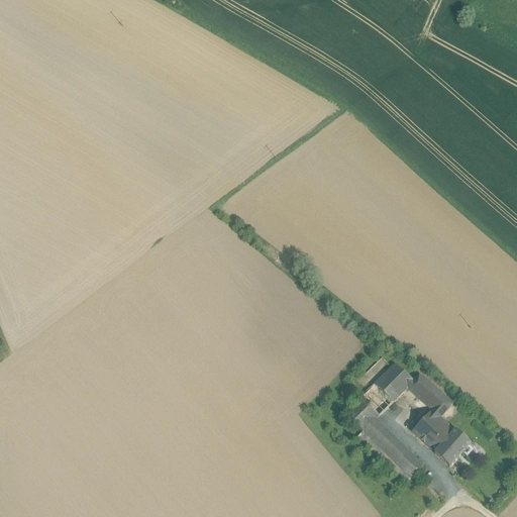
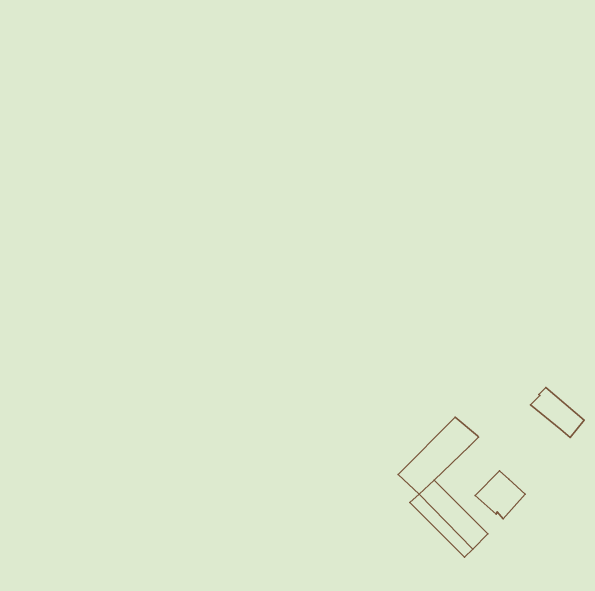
building: [407,372,453,415] -> [531,387,584,438]
building: [435,428,471,464] -> none

